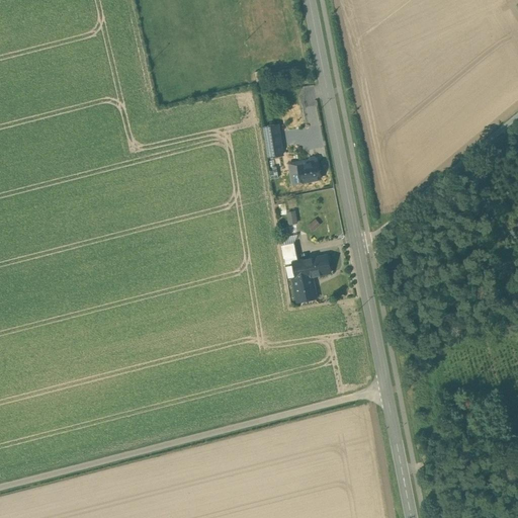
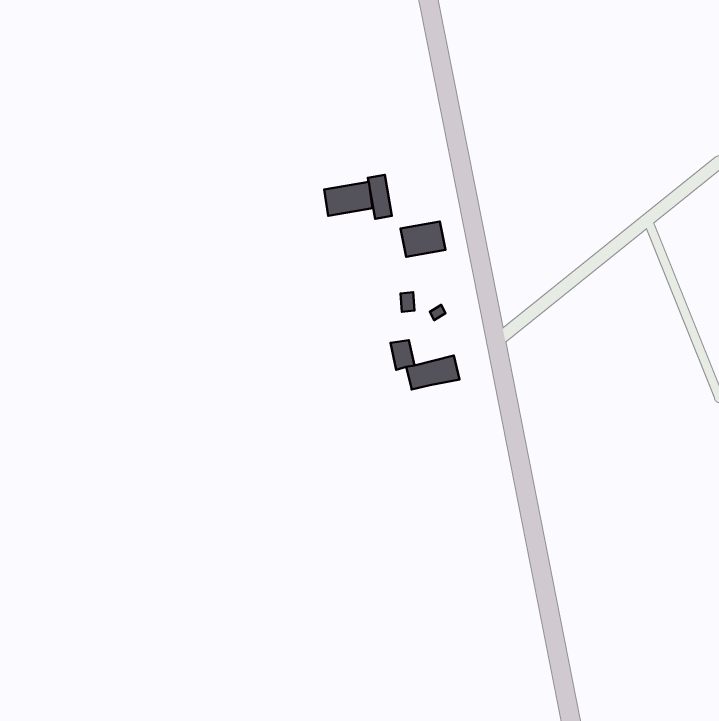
building: none -> [324,182,373,216]
building: [292,276,316,301] -> none

